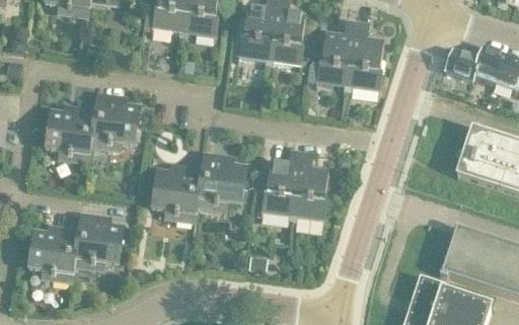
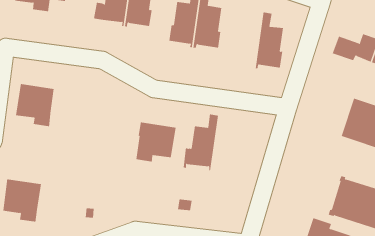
building: [307,17,358,90] -> none
building: [90,99,140,149] -> none
building: [292,149,328,220] -> none
building: [151,168,201,222] -> none
building: [73,220,123,270] -> none

